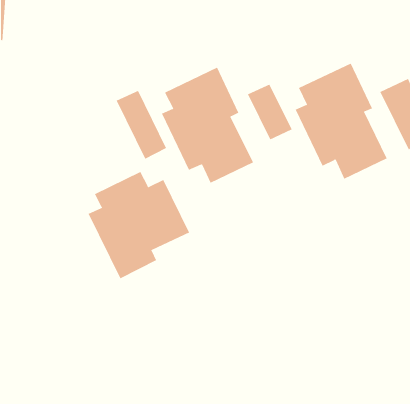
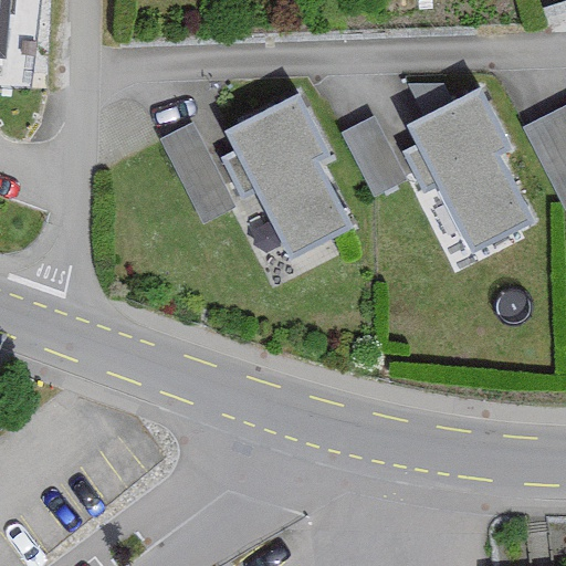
building: [88,171,190,279] -> none

